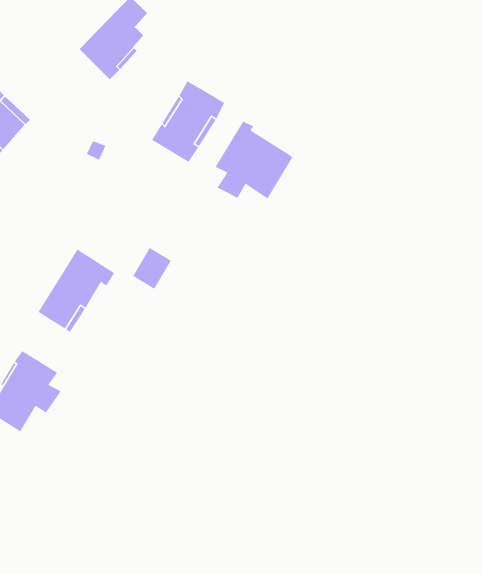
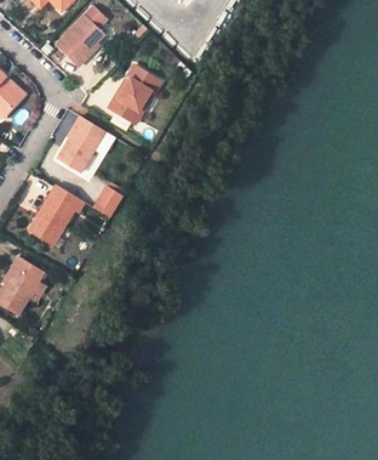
building: [214,121,293,199] -> none
building: none -> [56,117,104,174]

